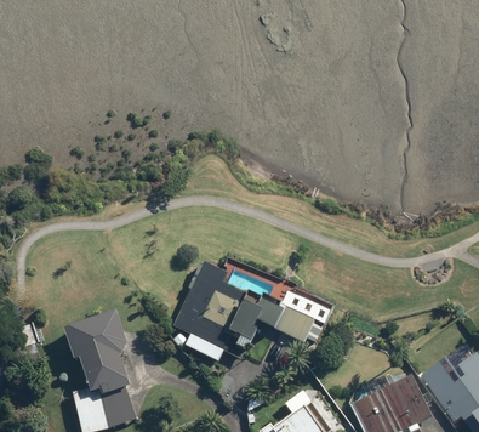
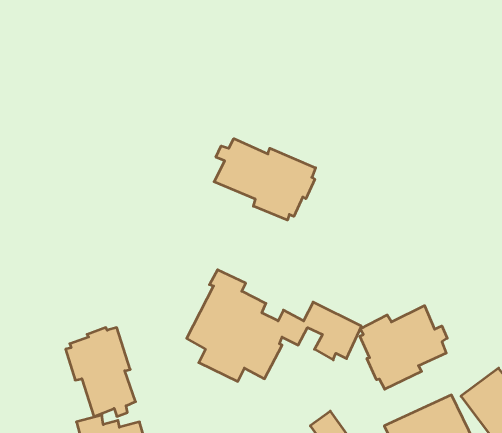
building: none -> [214,139,316,220]
building: none -> [360,306,447,389]

